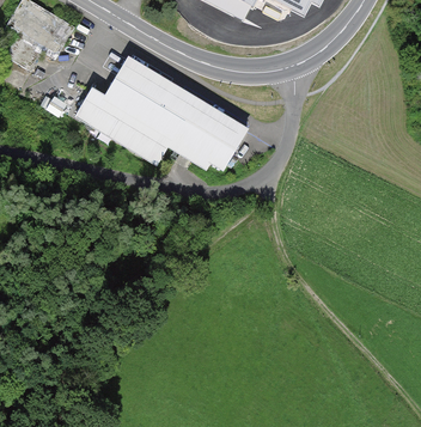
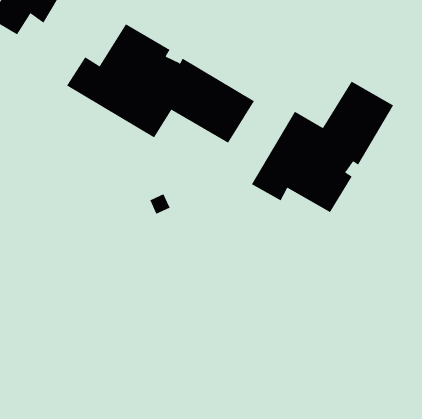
building: none -> [251,81,394,213]

